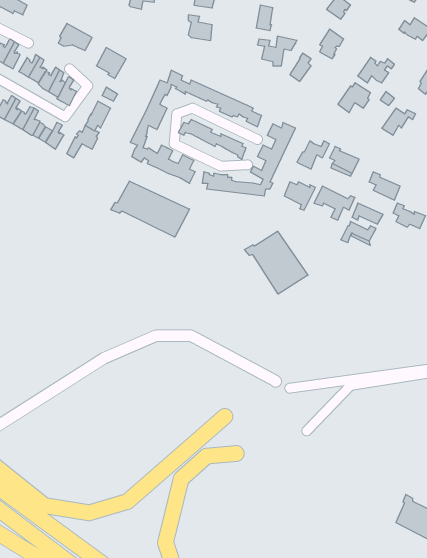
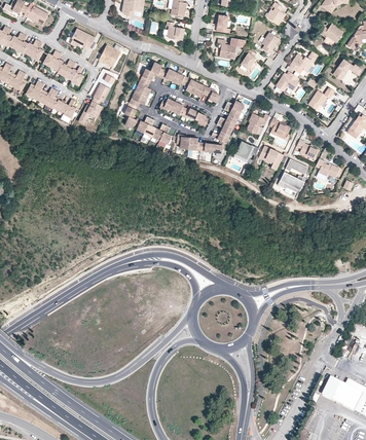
building: [111,181,190,237] -> none
building: [245,231,308,294] -> none

